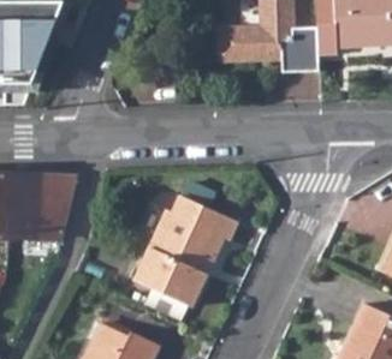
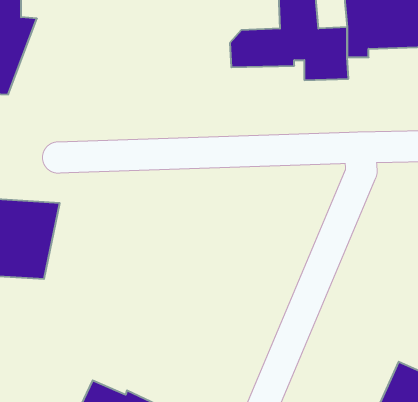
building: [136,197,238,309] -> none

